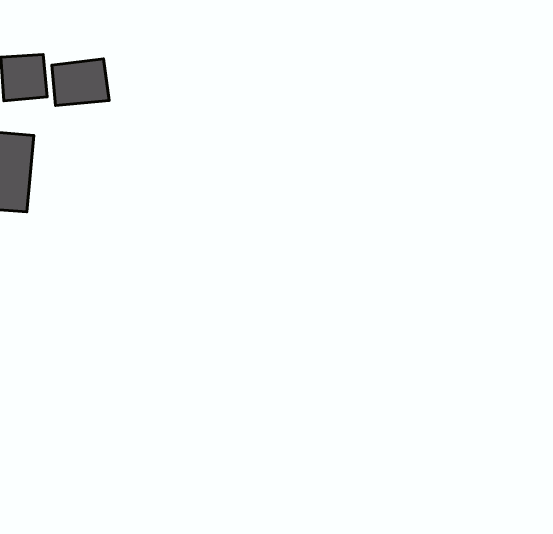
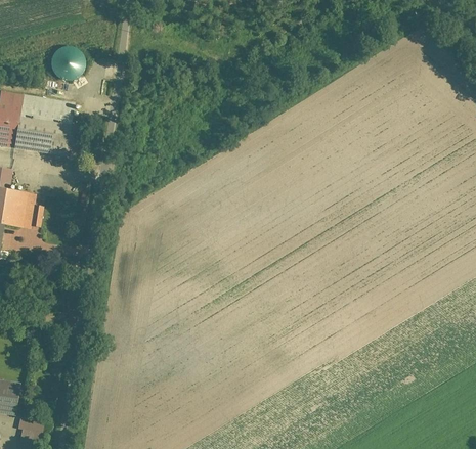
building: [52,59,109,106] -> none

